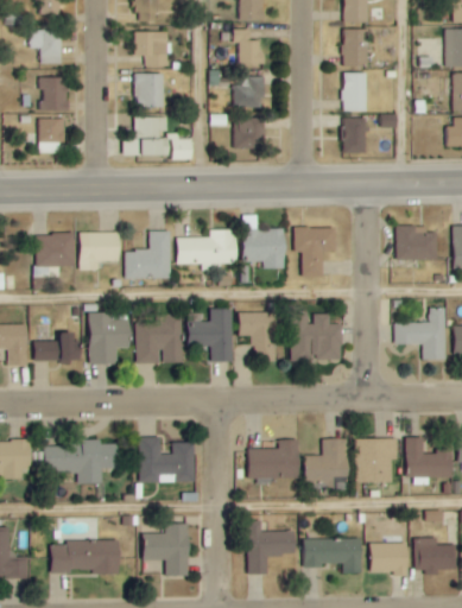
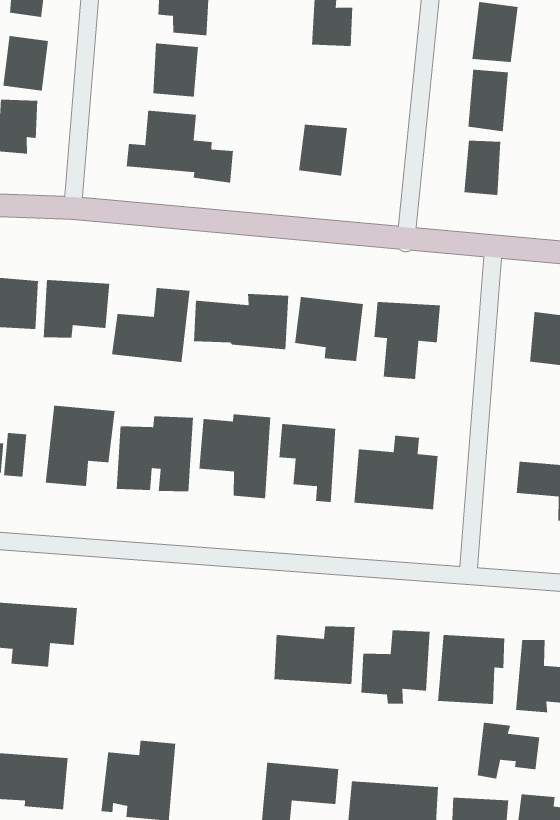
building: [234,76,264,108] -> none
building: [138,437,195,482] -> none
building: none -> [477,722,540,780]

